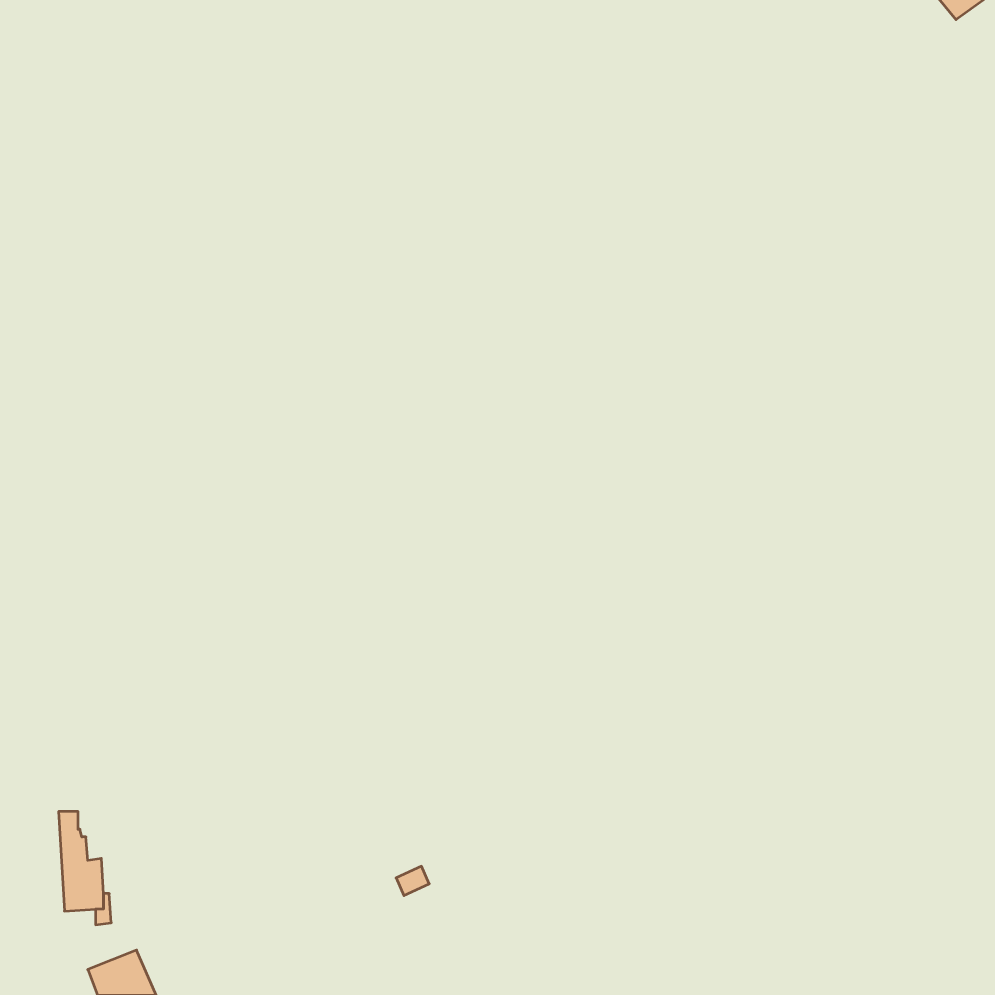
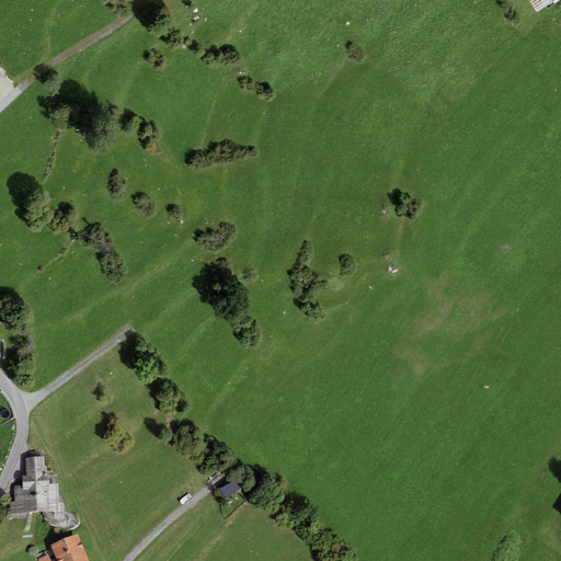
building: none -> [9,456,36,513]

